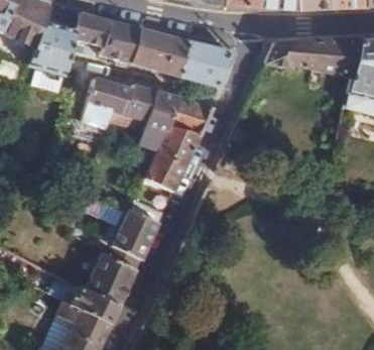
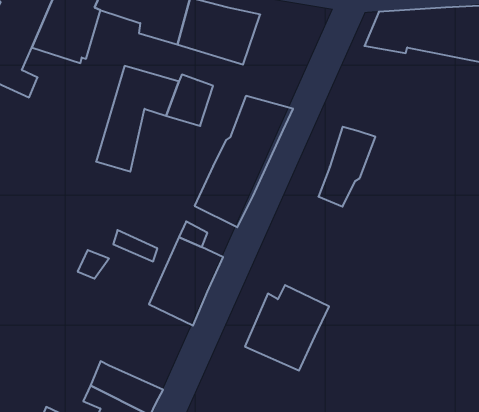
building: [177,42,232,91] -> none
building: [139,93,179,149] -> [318,127,375,207]
building: [83,247,142,308] -> [245,285,329,371]

